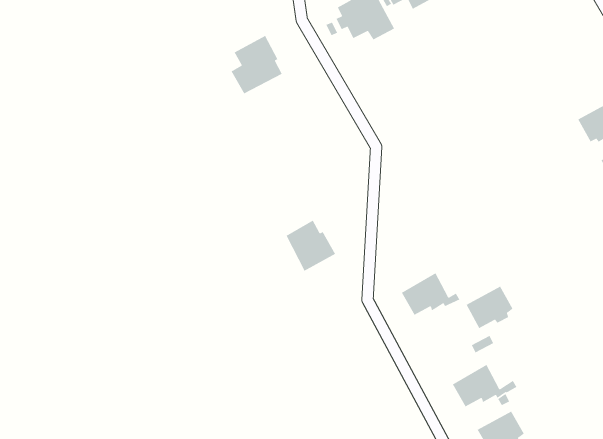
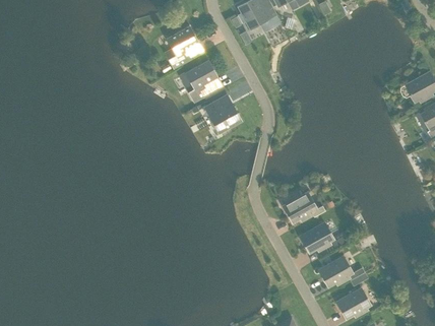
building: none -> [179,59,219,102]
building: [285,219,336,272] -> [204,95,240,132]
building: [466,285,514,329] -> [299,221,332,252]

